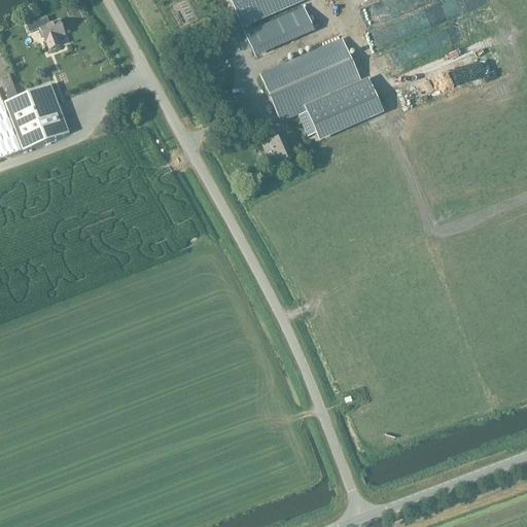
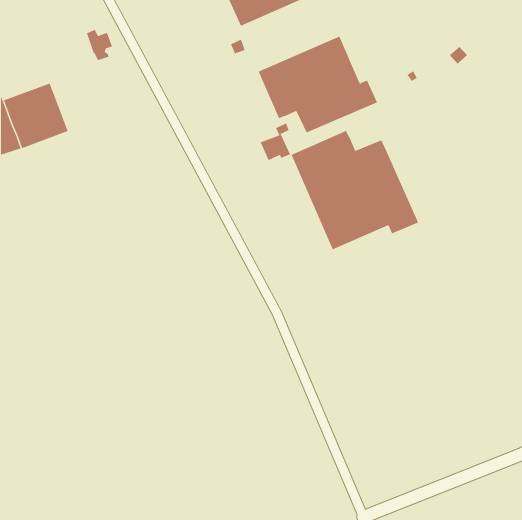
building: [246,6,315,55] -> none
building: [38,15,65,47] -> [86,29,113,61]
building: none -> [291,130,419,250]

